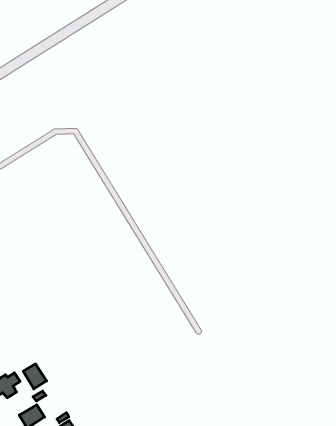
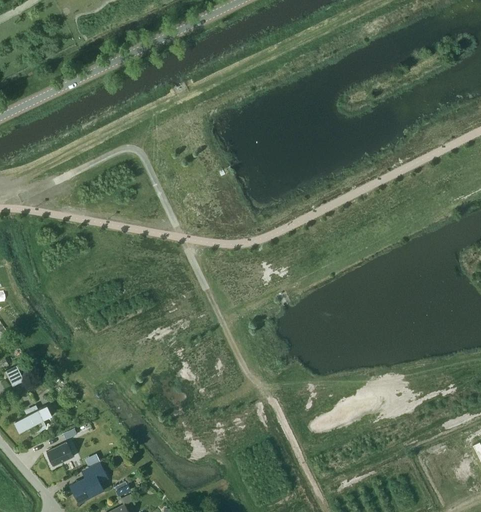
building: [23,364,47,389] -> none

